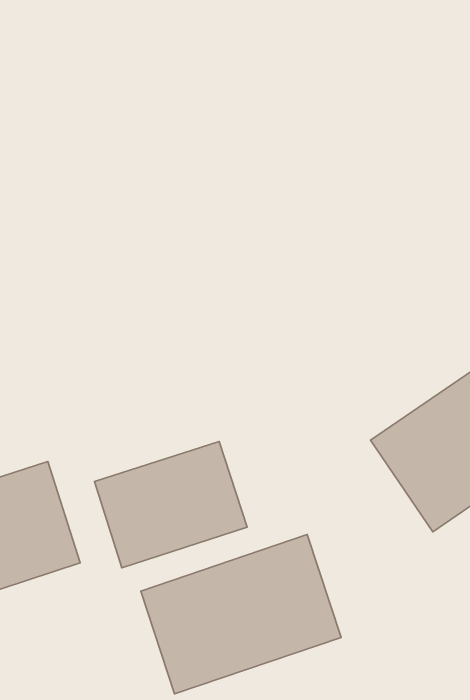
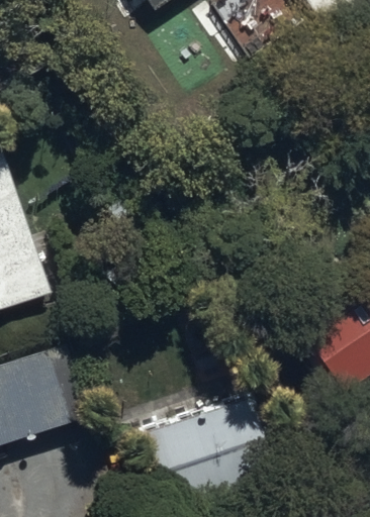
building: [95,442,247,568] -> none

